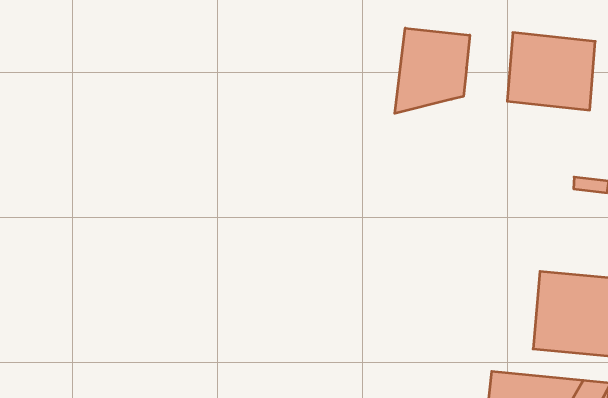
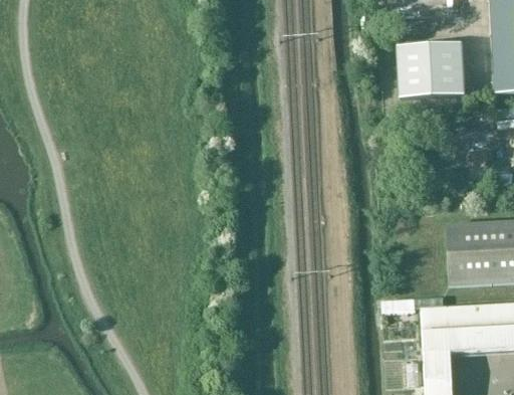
building: [395,28,470,113] -> none

